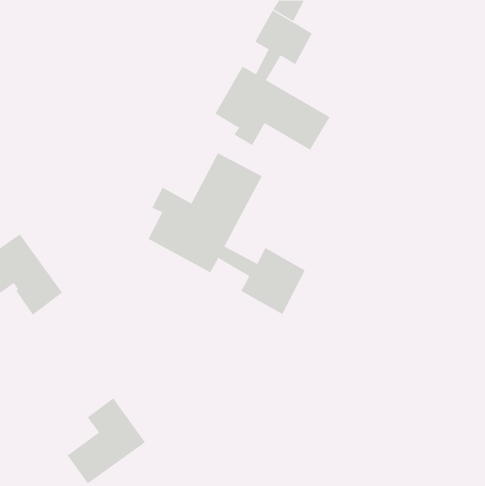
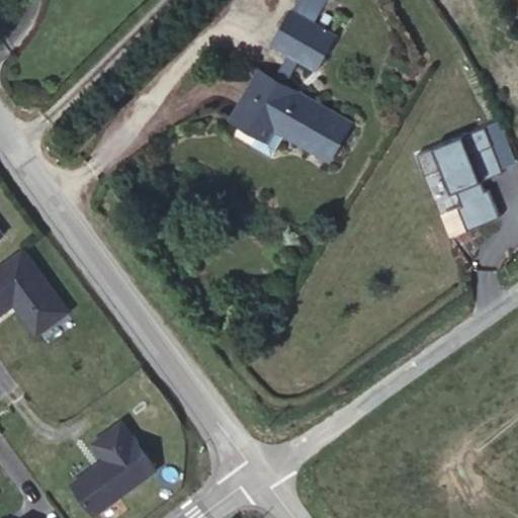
building: none -> [418,127,504,232]
building: [148,152,306,315] -> none

